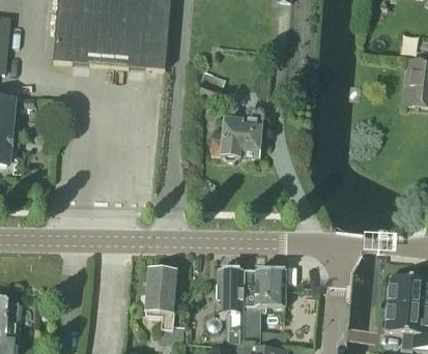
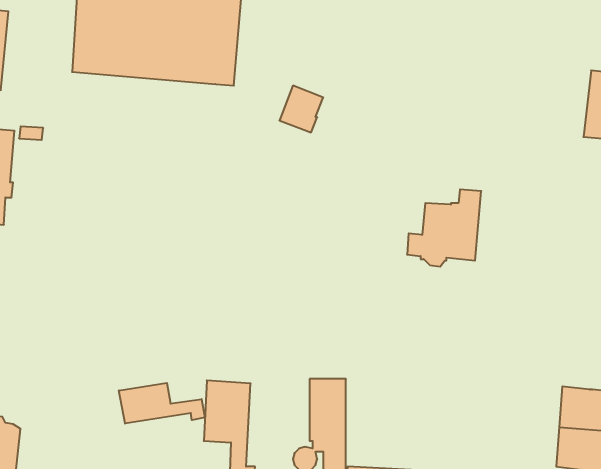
building: [212,108,263,160] -> [407,189,481,267]
building: [242,269,285,311] -> none
building: none -> [119,383,205,424]

